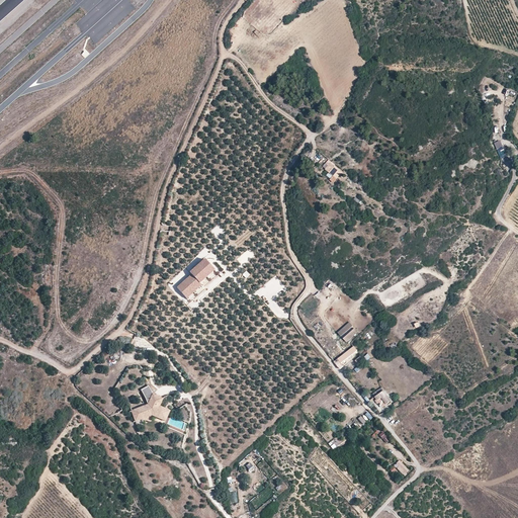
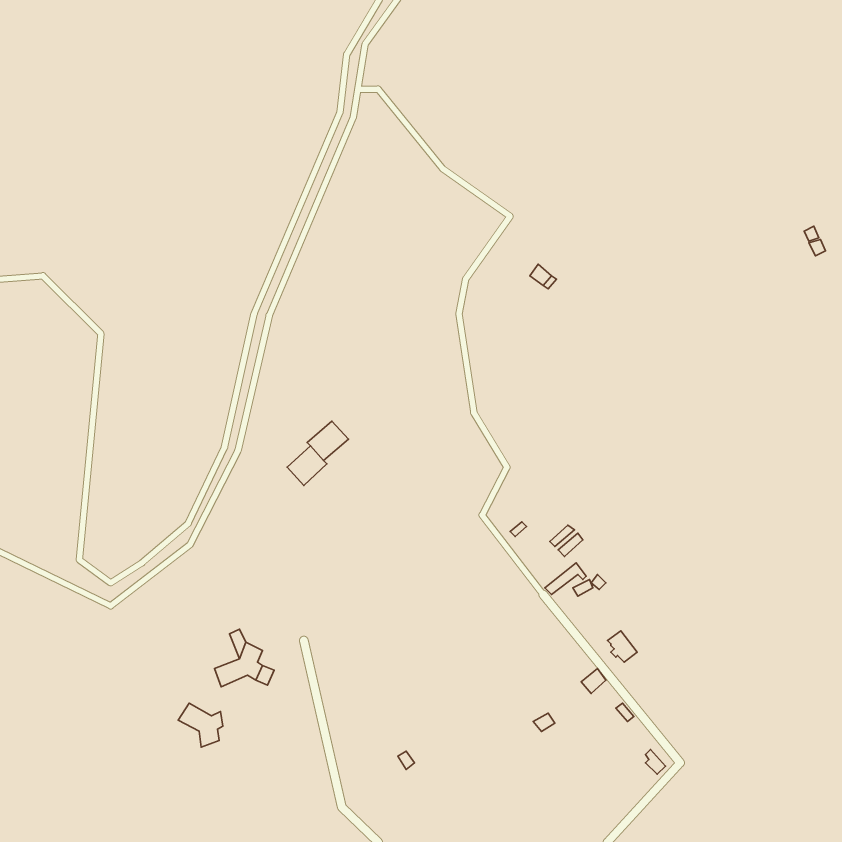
building: none -> [178,703,223,747]

